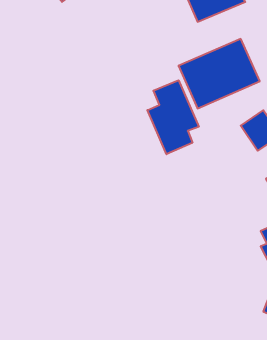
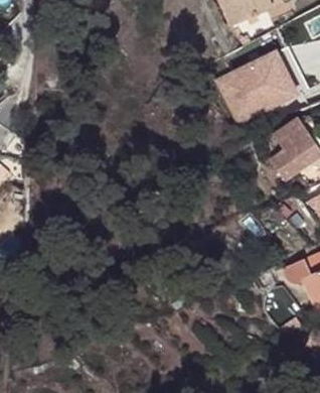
building: [147,80,199,154] -> none

